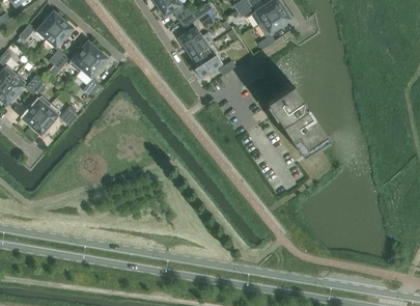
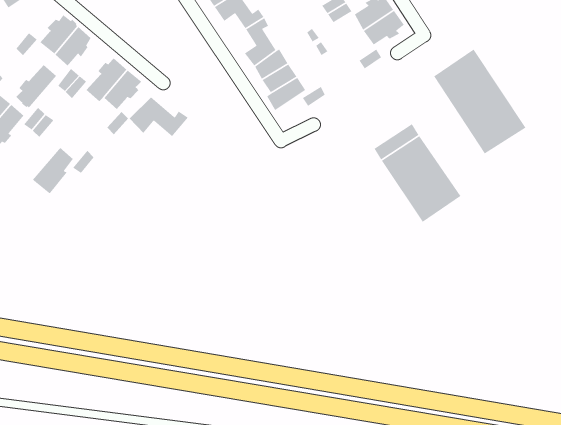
building: none -> [433,49,527,155]
building: none -> [129,96,189,137]
building: [22,95,51,127] -> [16,64,57,109]

